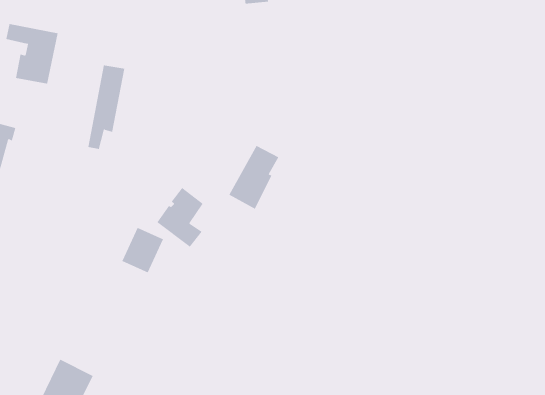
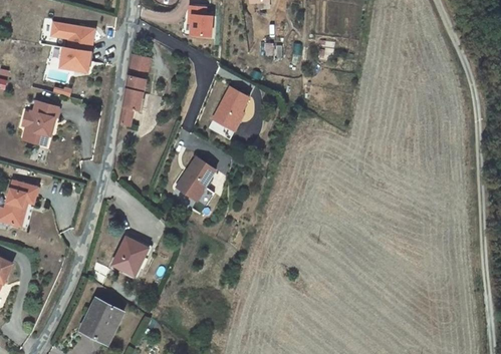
building: none -> [190,7,213,36]
building: [228,145,279,209] -> [208,87,250,140]
building: [122,227,164,273] -> [111,239,147,277]

